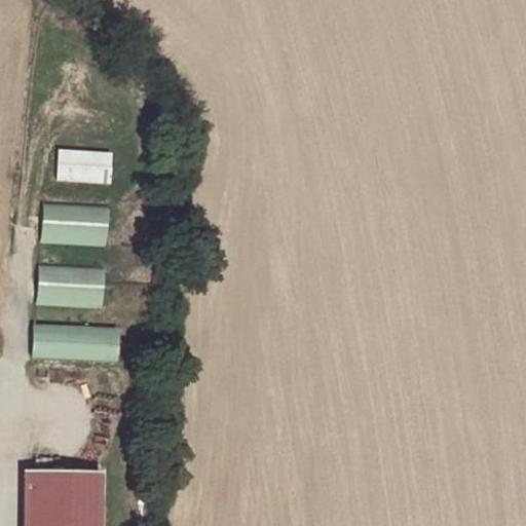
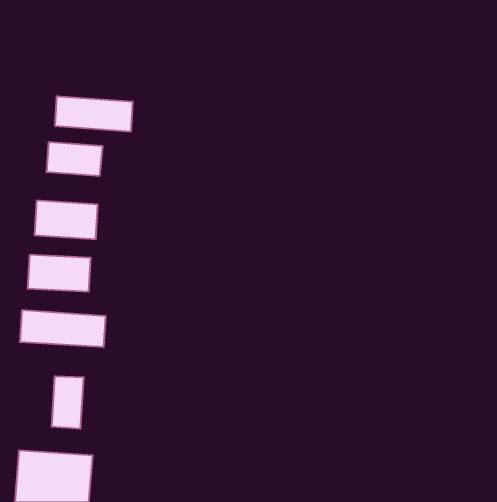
building: none -> [55,96,133,132]
building: none -> [52,376,84,429]

